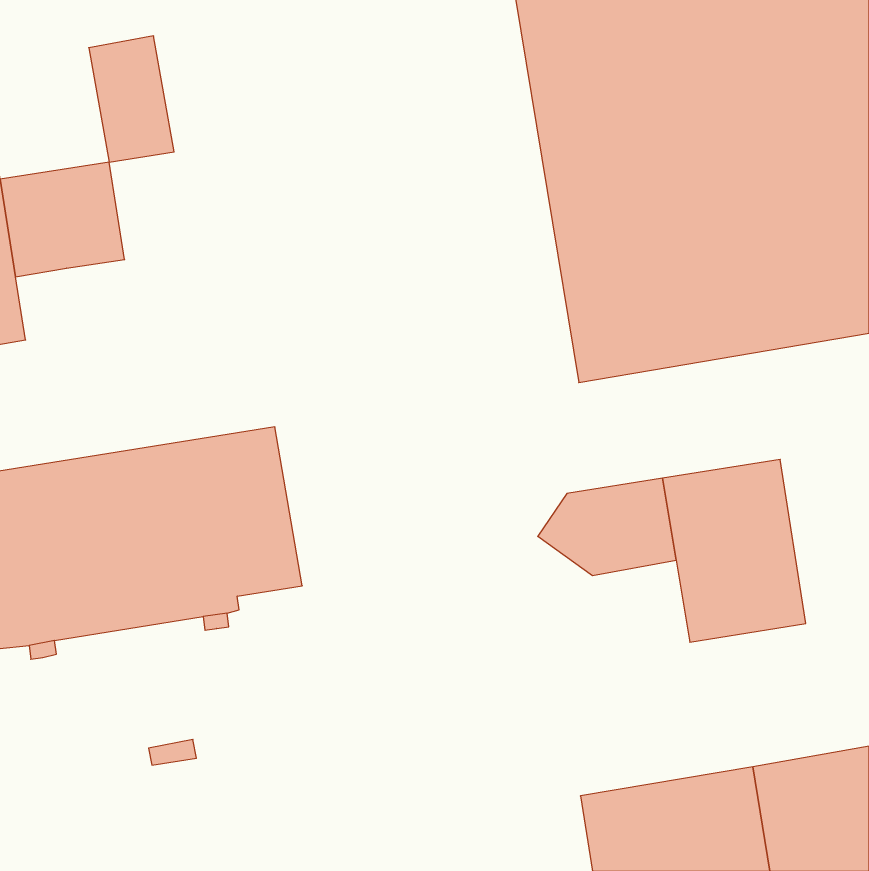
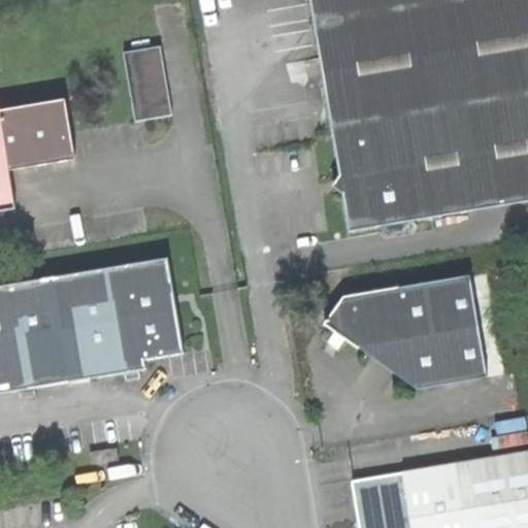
building: [89,36,174,162] -> [123,44,174,121]
building: none -> [358,338,417,388]

